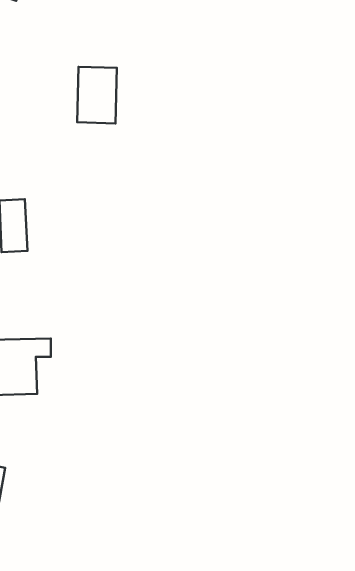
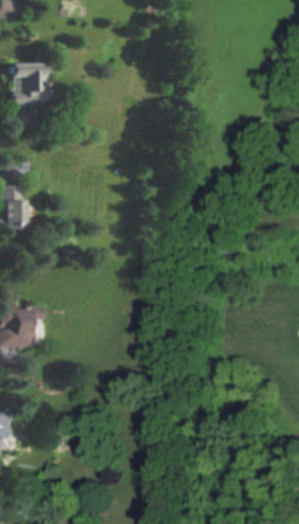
building: [77,67,117,123] -> [9,61,42,108]

